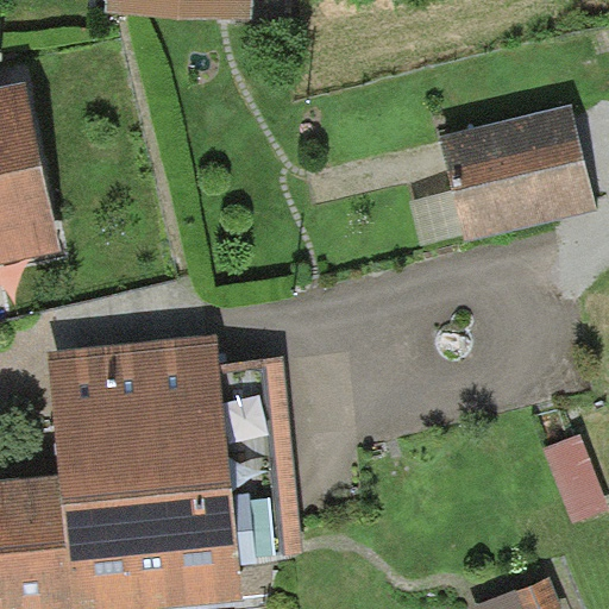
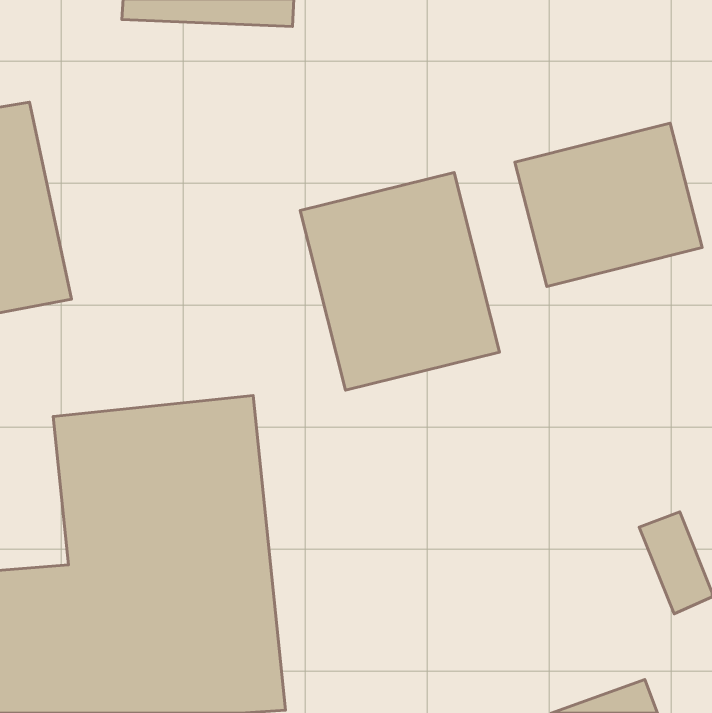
building: none -> [300,172,500,390]

